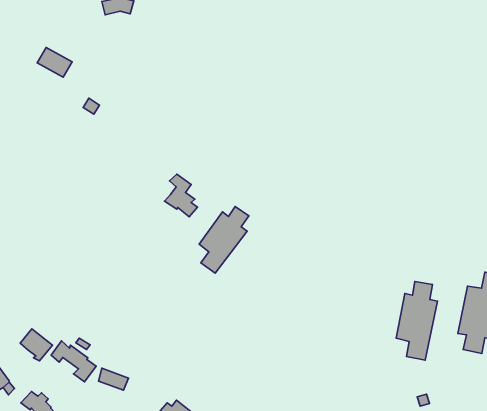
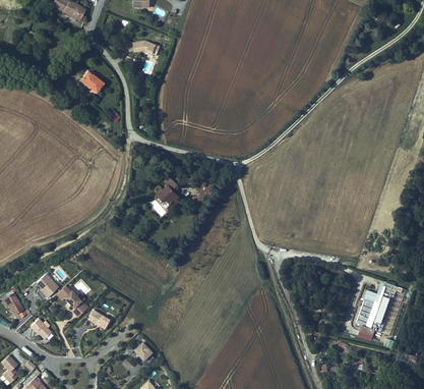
building: [199,206,249,273] -> none
building: [396,282,438,360] -> none

